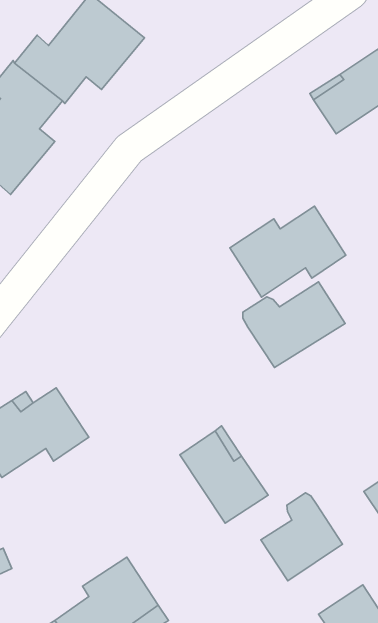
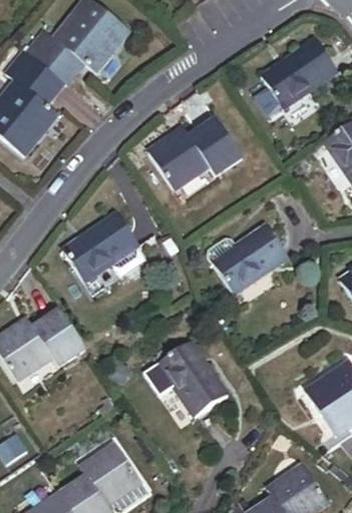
building: [230,206,346,297] -> [148,117,241,189]
building: none -> [62,212,144,282]
building: [261,493,342,581] -> none

